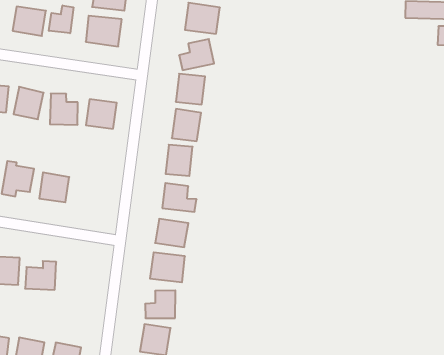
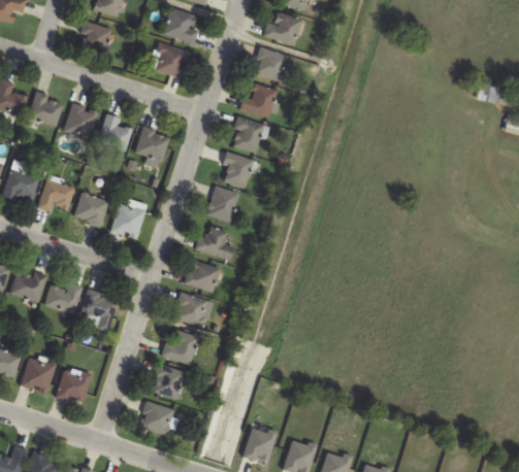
building: [49,5,73,33] -> none
building: none -> [109,198,147,239]
building: none -> [78,289,118,331]

